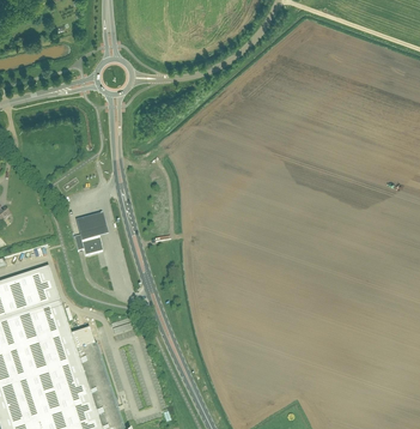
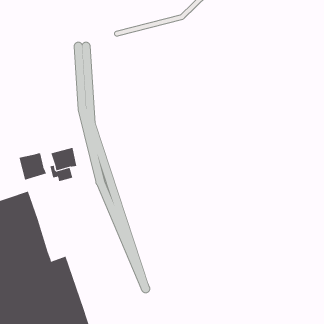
building: none -> [19,152,47,181]

